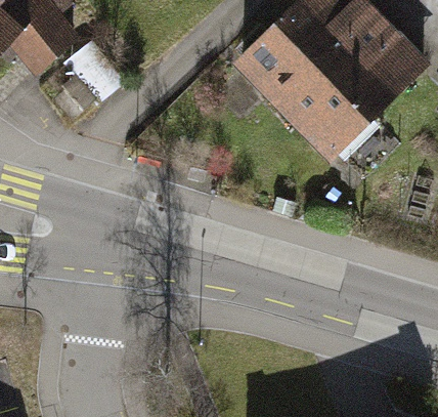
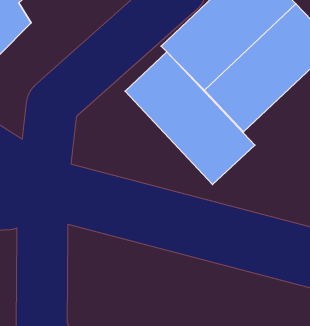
building: none -> [125,52,255,184]

